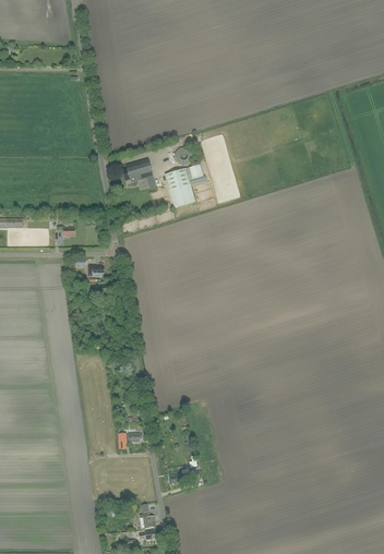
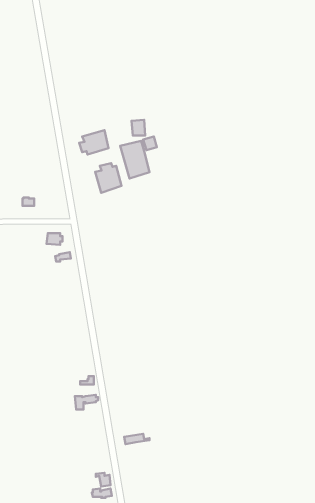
building: none -> [95,163,122,193]

